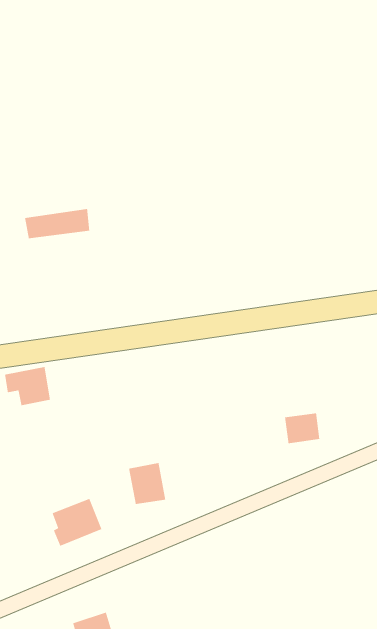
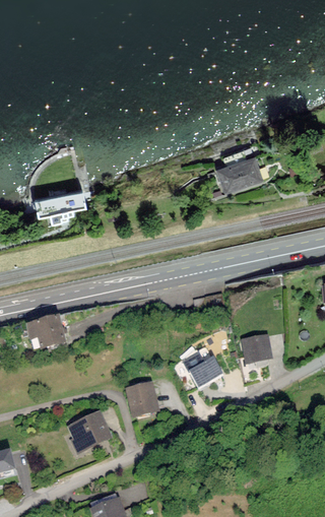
building: none -> [217,158,261,192]
building: none -> [184,353,221,385]

